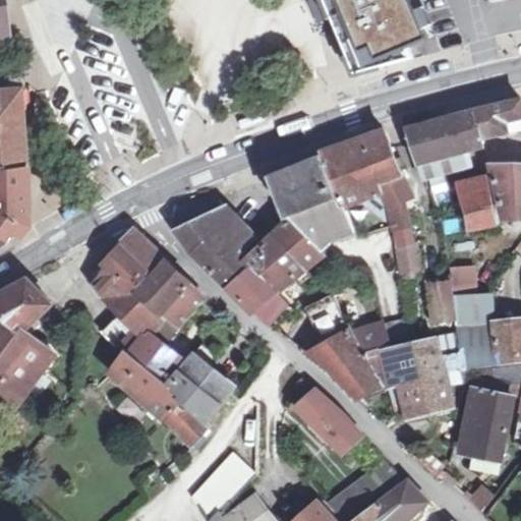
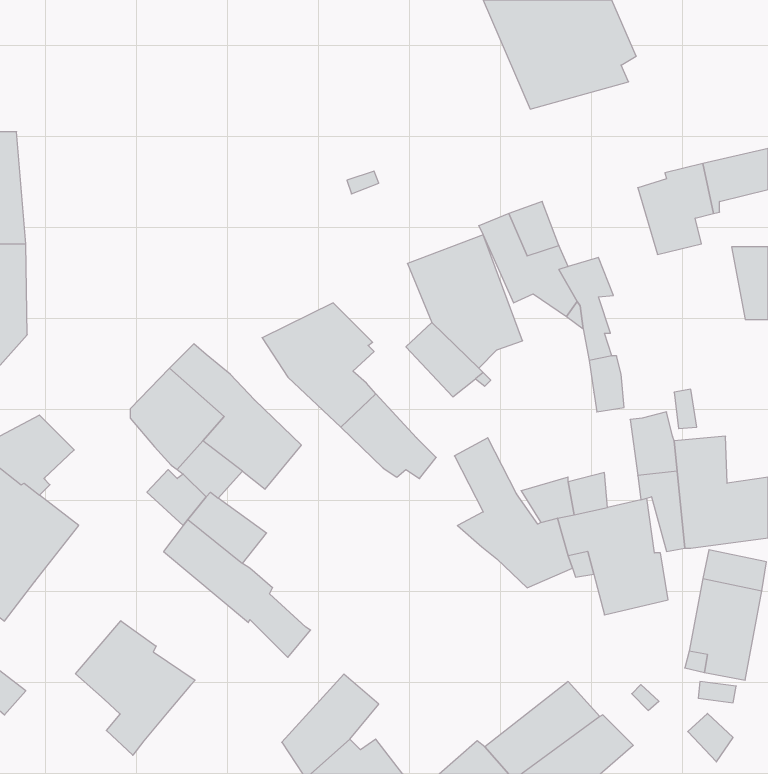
building: [407,126,442,177] -> none
building: [364,127,402,179] -> none
building: [458,177,496,227] -> none
building: [246,233,309,294] -> none
building: [168,343,231,421] -> none
building: [295,390,360,452] -> none
building: none -> [76,621,195,755]

